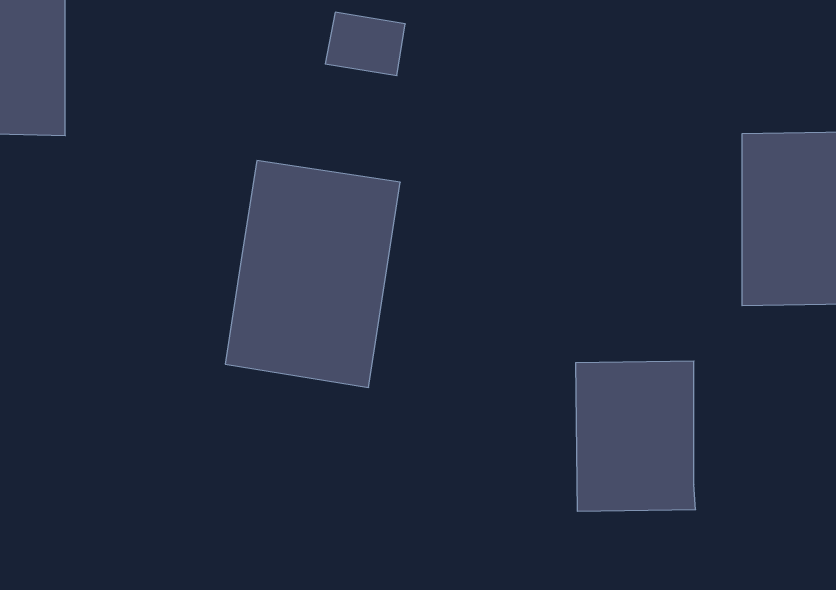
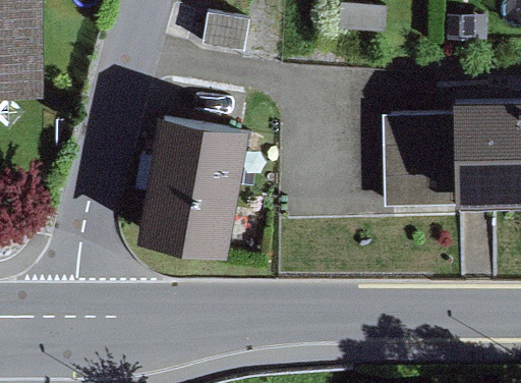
building: [576,361,696,511] -> [384,122,457,214]

